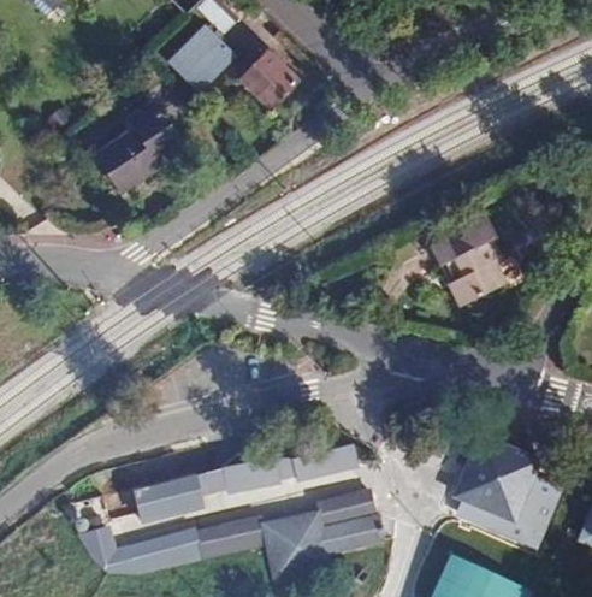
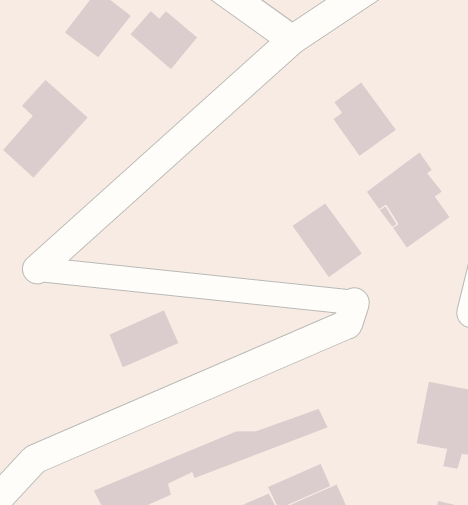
building: none -> [333,82,397,157]
building: none -> [292,202,363,278]
building: none -> [109,309,179,368]

